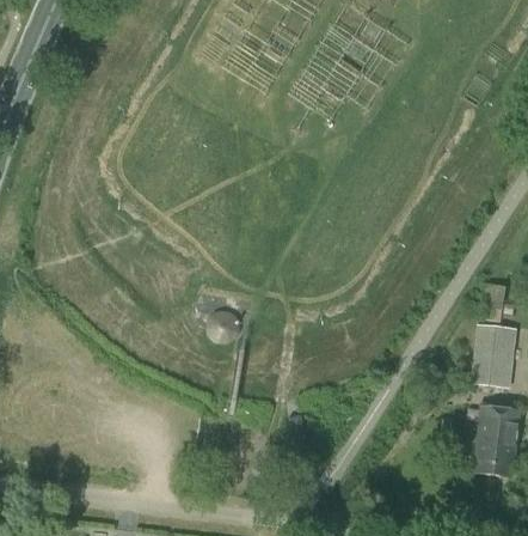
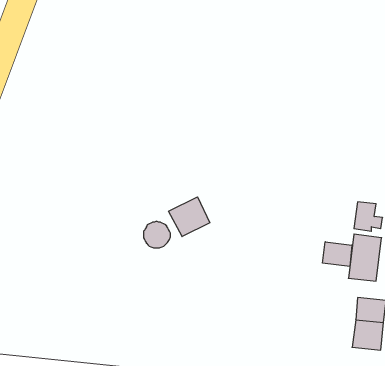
building: none -> [169,197,210,237]
building: none -> [323,242,352,267]

